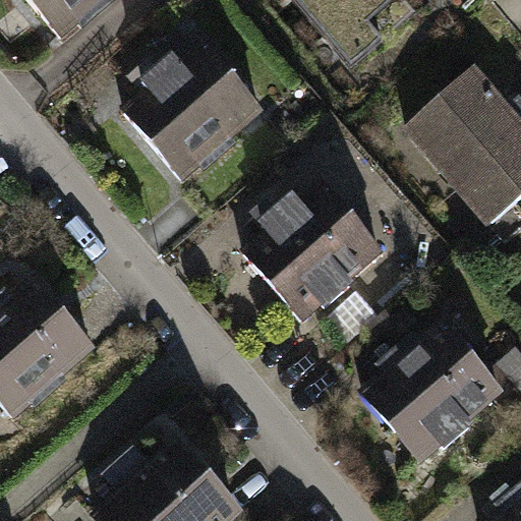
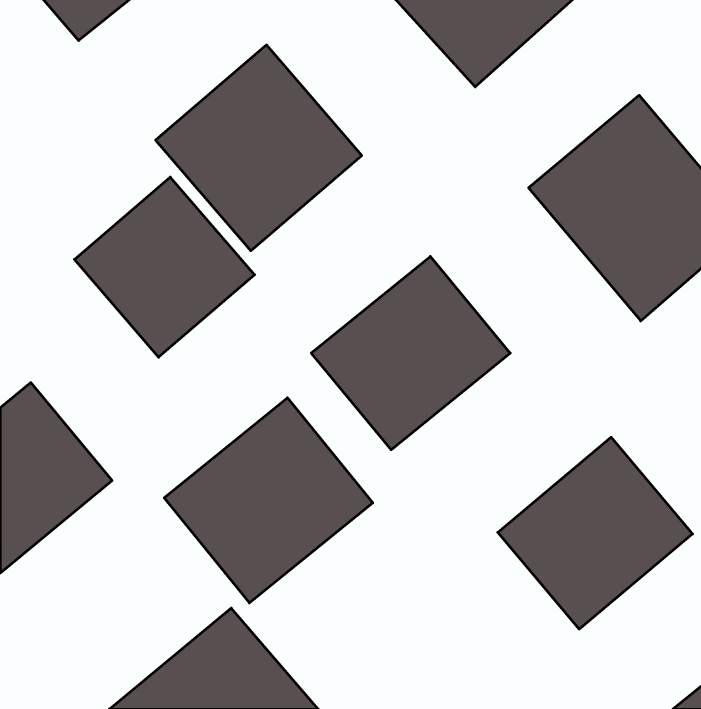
building: none -> [74,177,255,357]
building: none -> [164,398,373,603]

